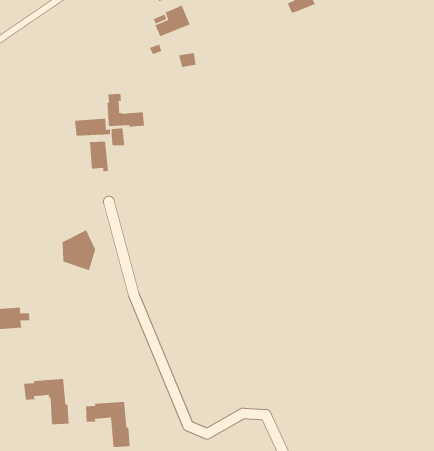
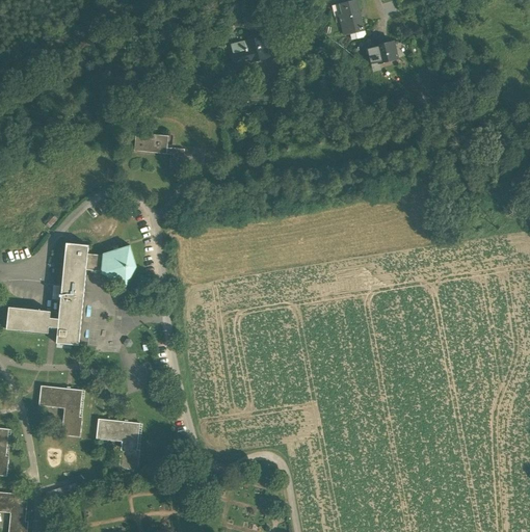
building: [106,93,145,127] -> none
building: [89,141,109,172] -> none
building: none -> [56,243,102,344]

